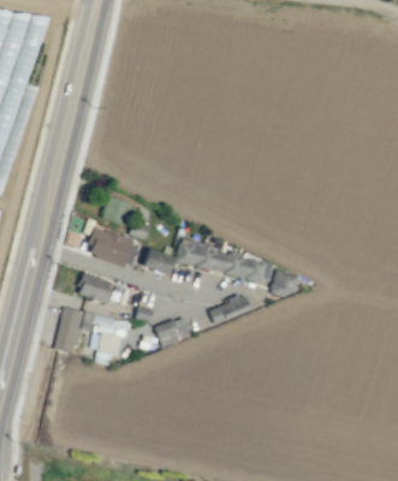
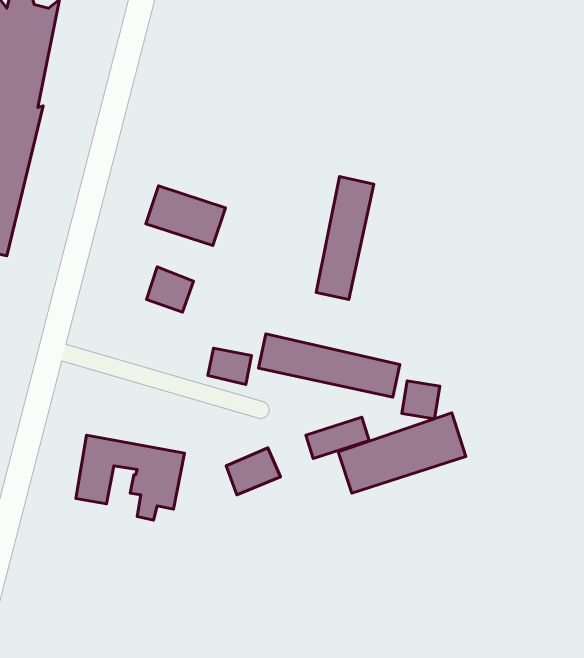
building: none -> [316,176,374,299]
building: [85,227,138,267] -> [146,186,225,246]
building: [76,272,112,302] -> none
building: none -> [338,413,466,493]

